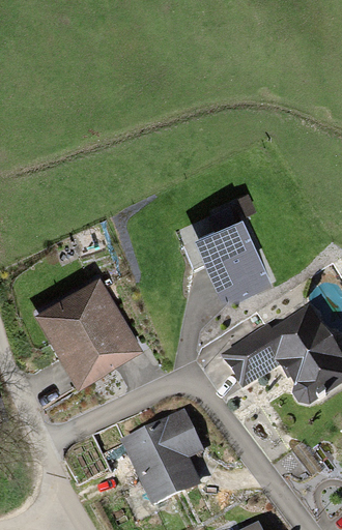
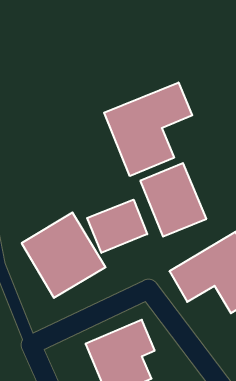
building: none -> [104,82,192,176]
building: none -> [87,200,147,253]

